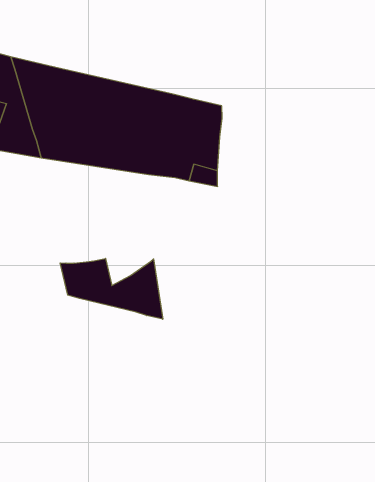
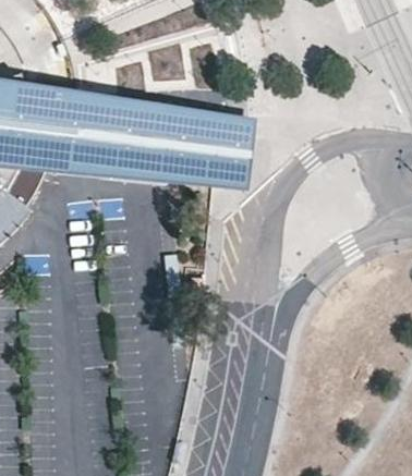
building: [60,258,163,319] -> none

